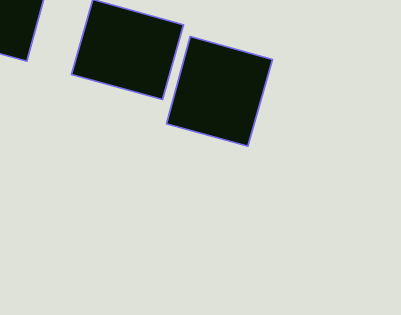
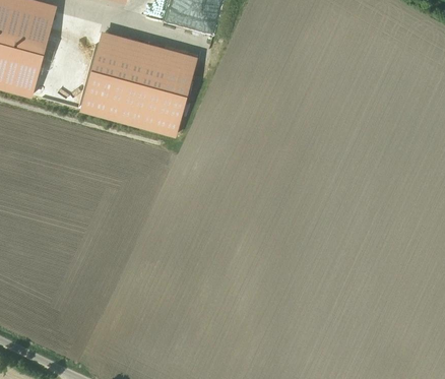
building: [166,37,273,146] -> none

